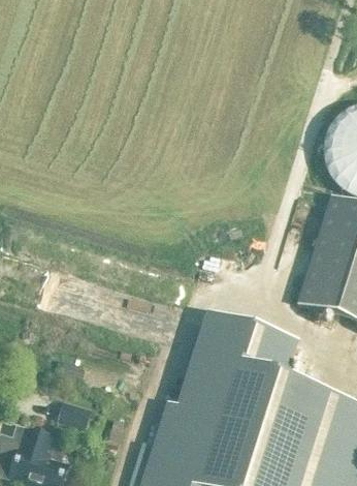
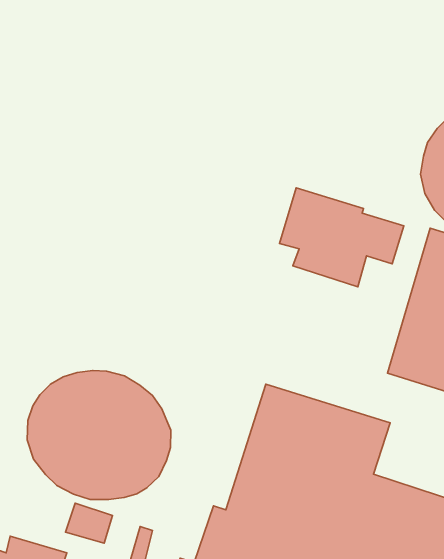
building: none -> [280,188,404,287]
building: none -> [27,371,171,500]

